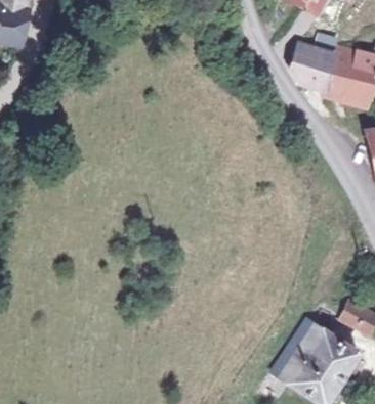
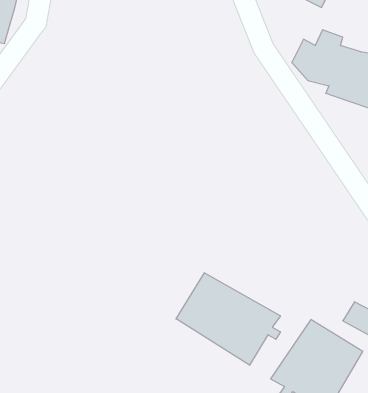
building: none -> [176,273,280,365]

